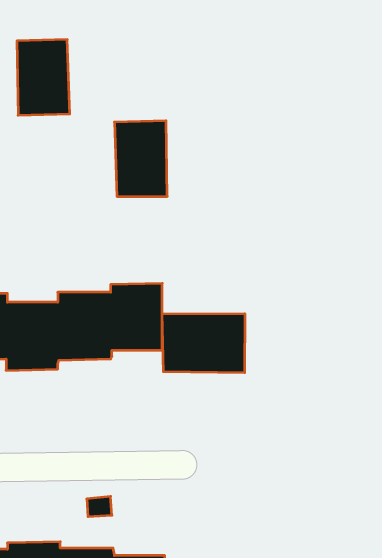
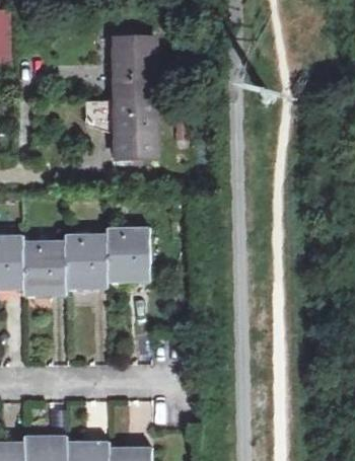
building: [17,40,70,115] -> [111,39,153,99]
building: [162,314,245,373] -> none

